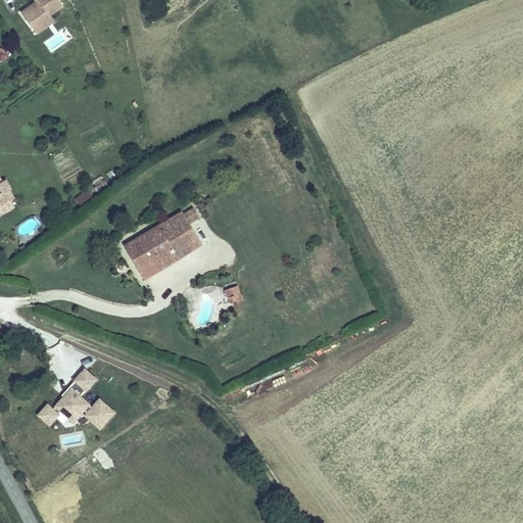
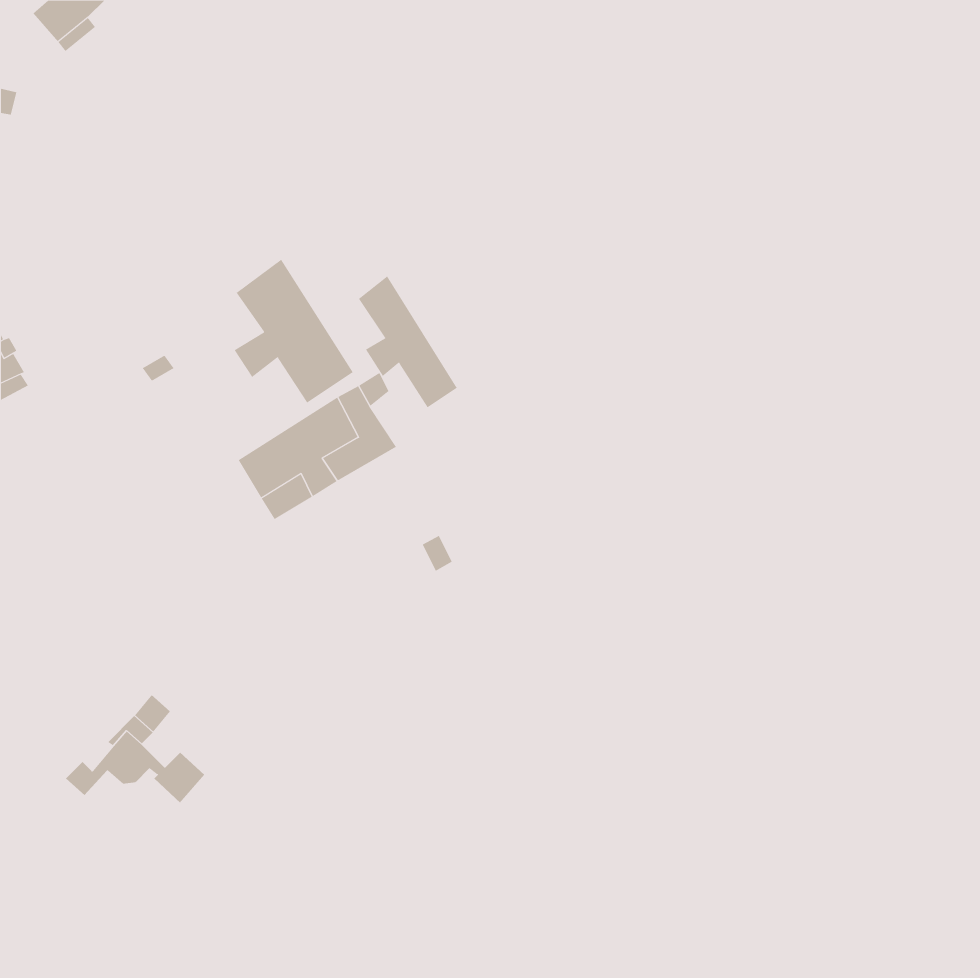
building: none -> [234,259,353,403]
building: none -> [358,276,457,408]

